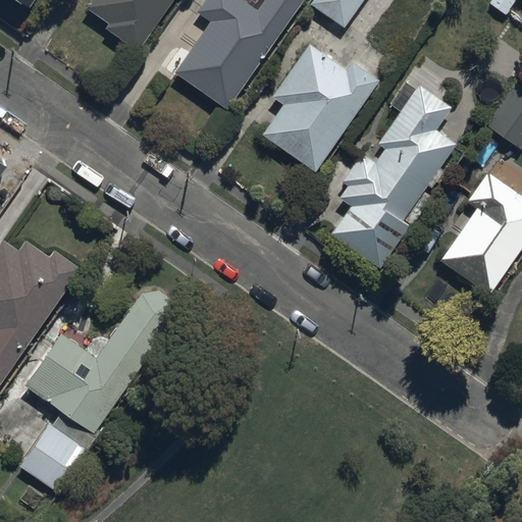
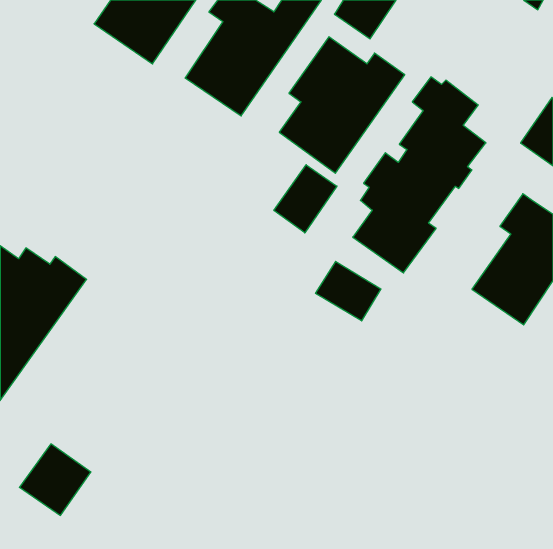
building: none -> [274,165,337,233]
building: none -> [316,261,381,321]
building: [22,281,181,431] -> none

